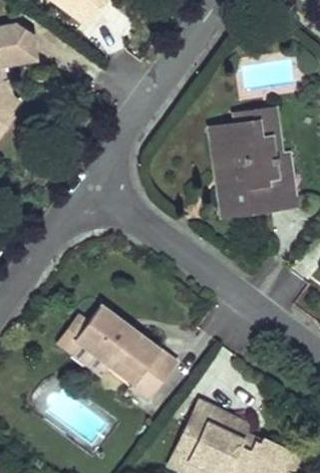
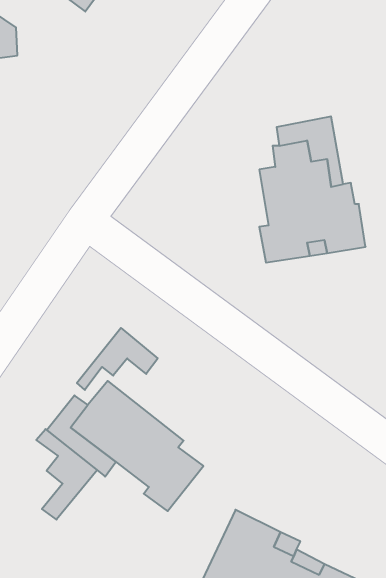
building: none -> [77,328,158,390]
building: none -> [36,429,97,520]

